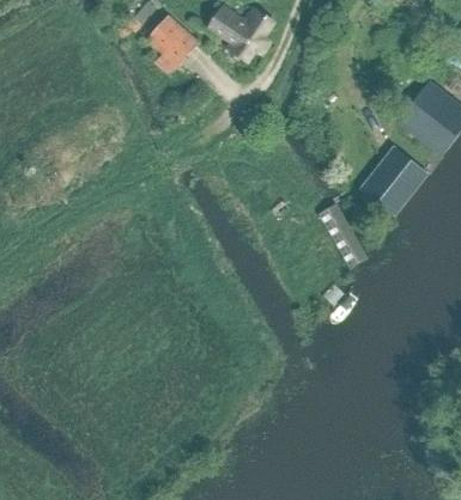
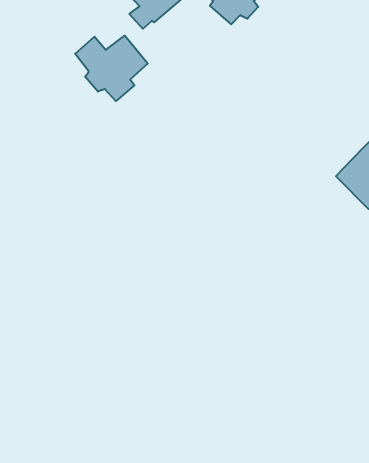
building: none -> [75,36,148,101]
building: [319,203,366,268] -> none

